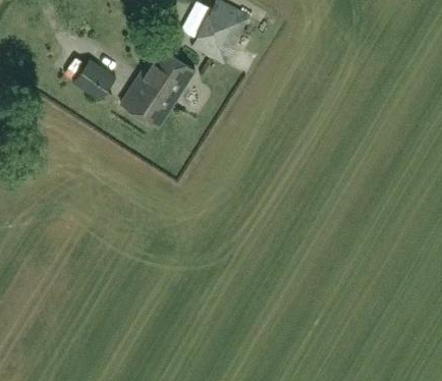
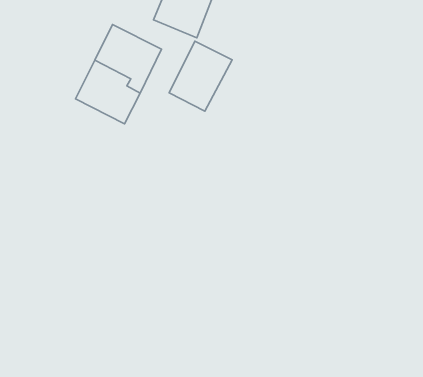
building: [73,58,116,101] -> none
building: none -> [169,41,232,111]

